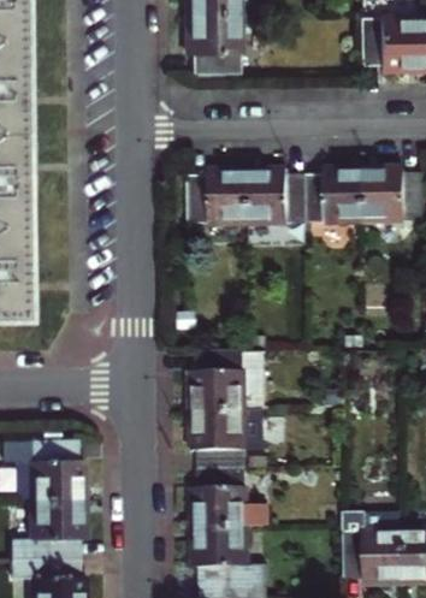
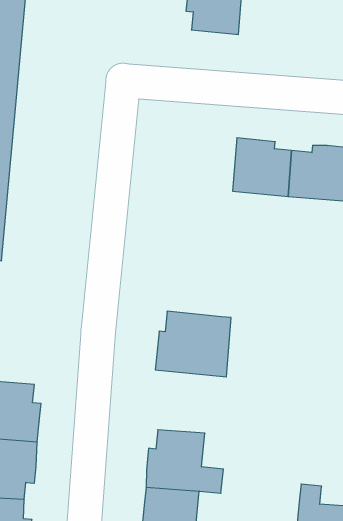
building: [193,172,250,226] -> none
building: [191,409,264,468] -> none

